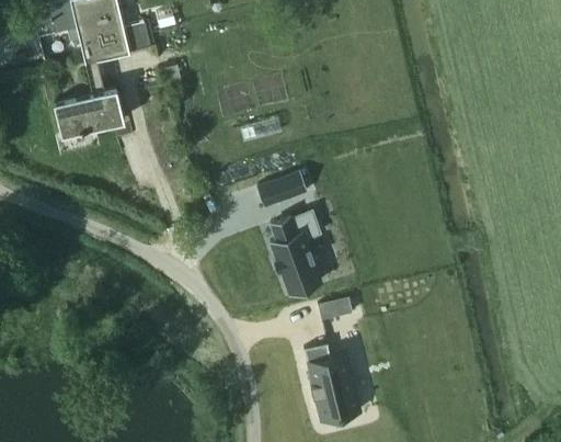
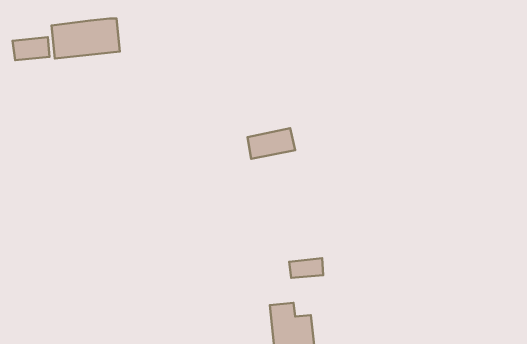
building: none -> [13,37,49,60]
building: [270,212,322,295] -> none

